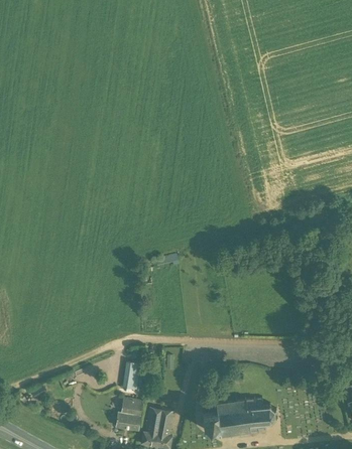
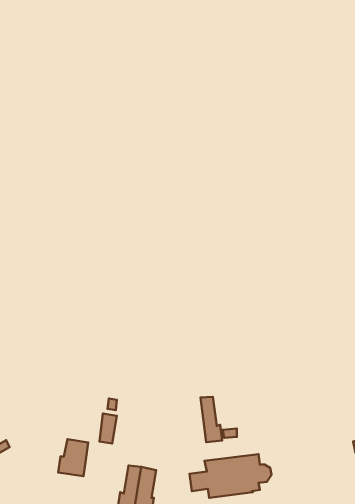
building: none -> [200,397,222,442]
building: [116,399,142,431] -> [58,439,88,476]

